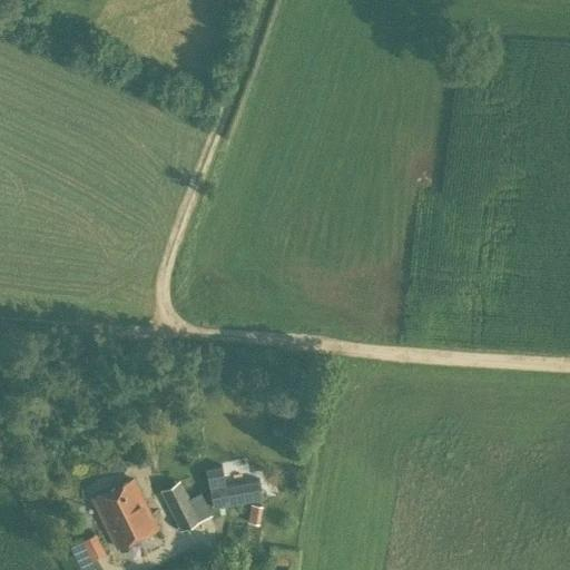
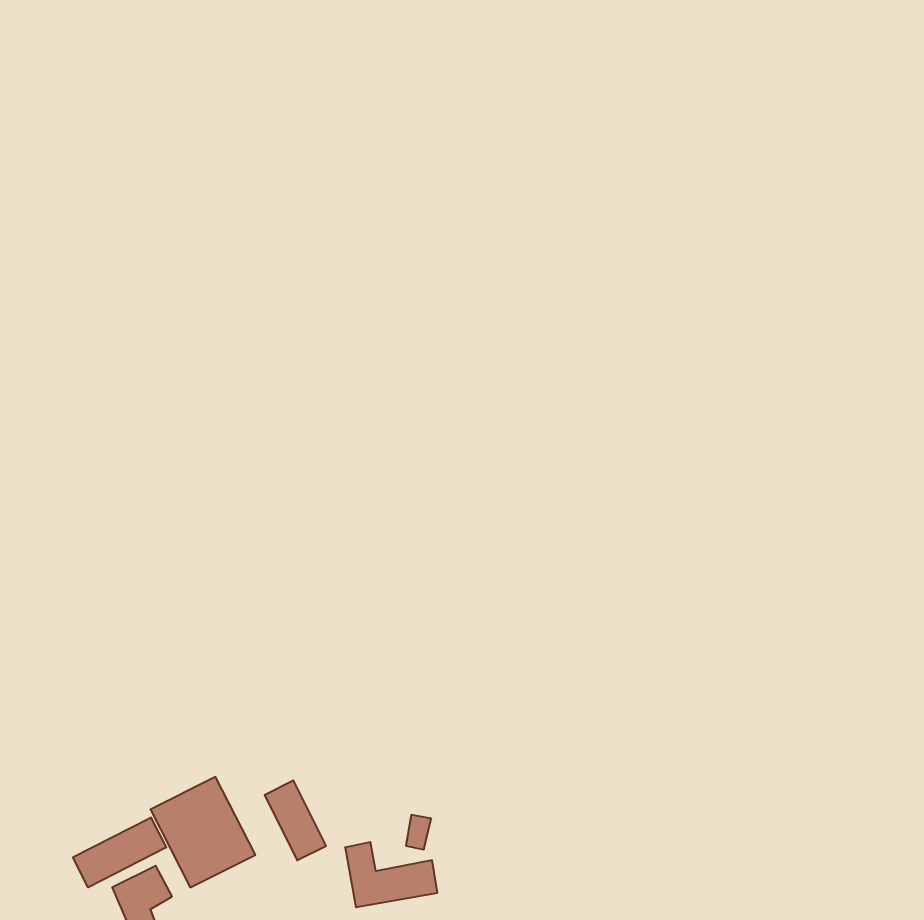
building: [207,469,264,509] -> [345,842,437,907]
building: none -> [73,817,166,887]

